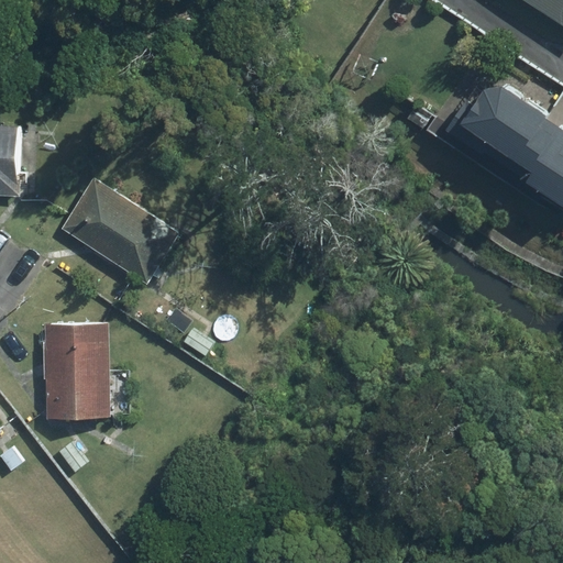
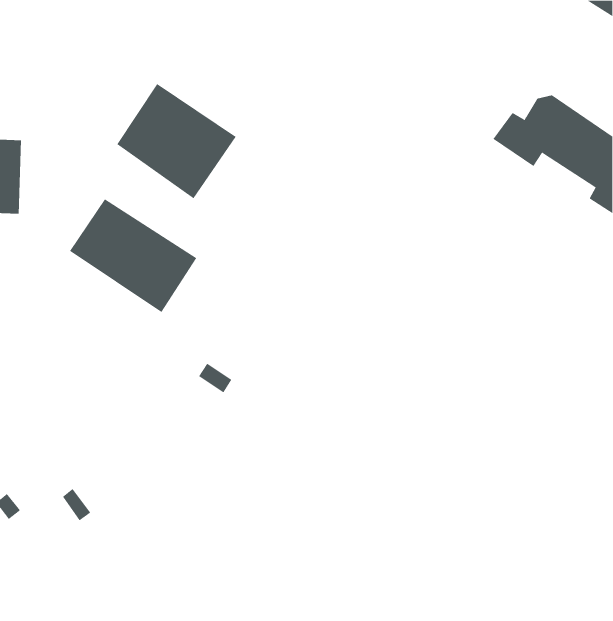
building: none -> [116,83,237,199]
building: [44,324,109,417] -> none

